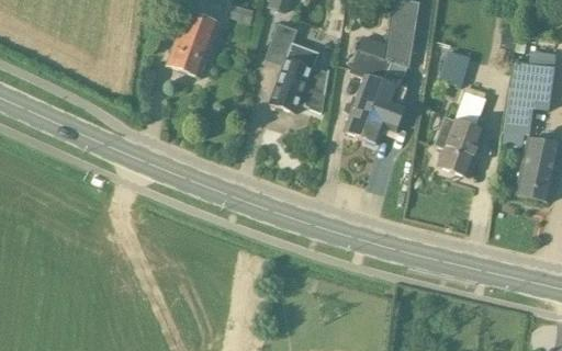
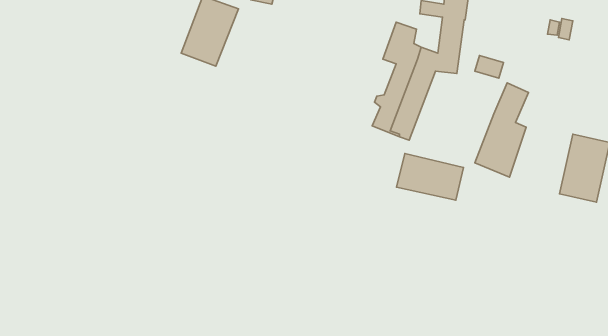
building: [265,21,329,112] -> none
building: [504,58,553,132] -> none
building: none -> [397,154,463,200]

